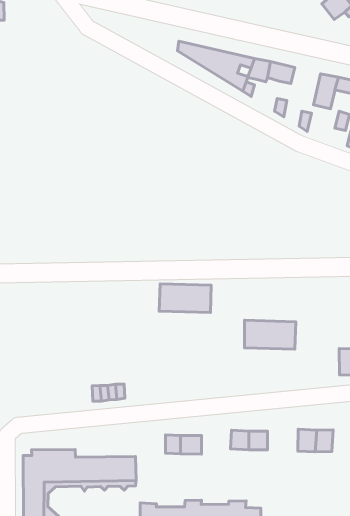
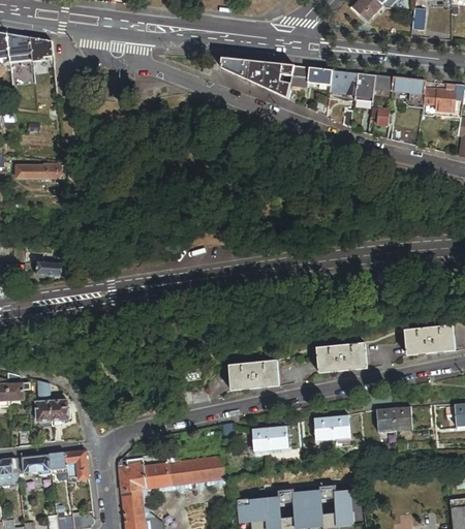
building: none -> [331,70,358,95]
building: [159,284,211,313] -> [227,362,278,392]
building: [244,320,296,349] -> [316,344,367,374]

